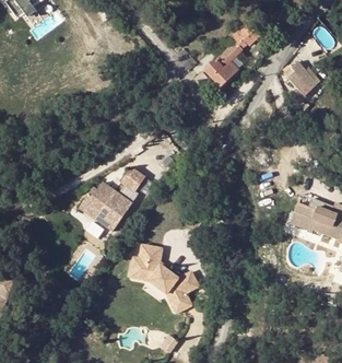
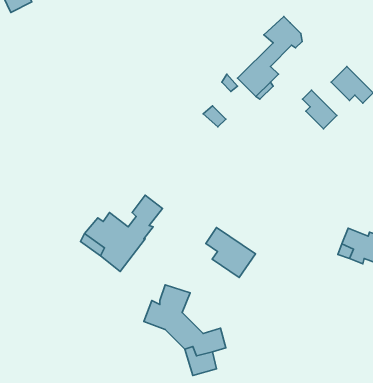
building: none -> [303,90,337,129]
building: none -> [206,228,255,278]

